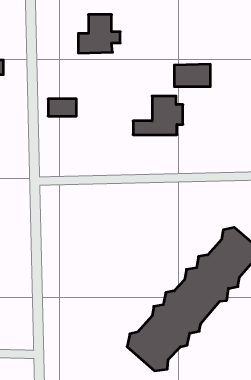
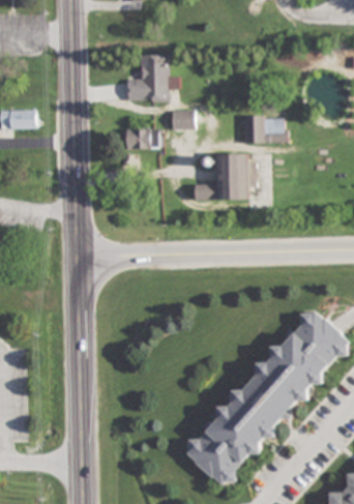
building: none -> [171,110,194,128]
building: [48,99,76,116] -> [123,128,157,149]

